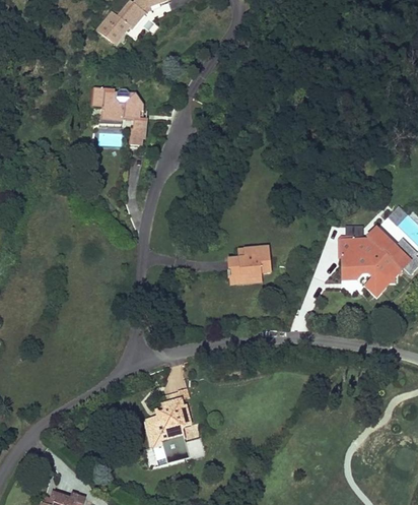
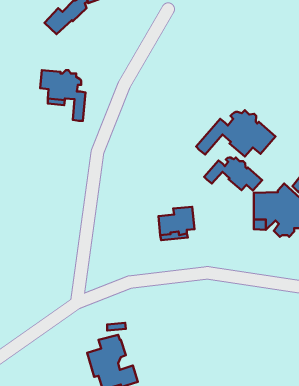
building: none -> [196,110,276,157]
building: none -> [204,157,262,191]

